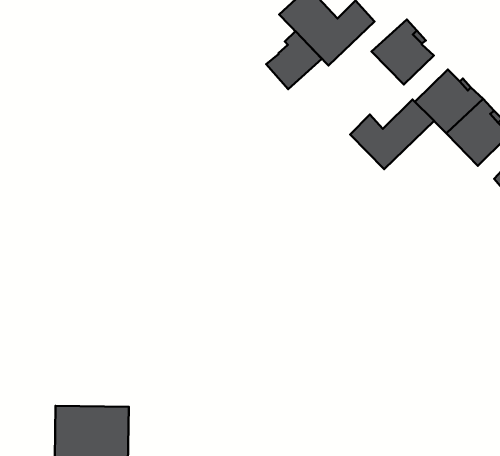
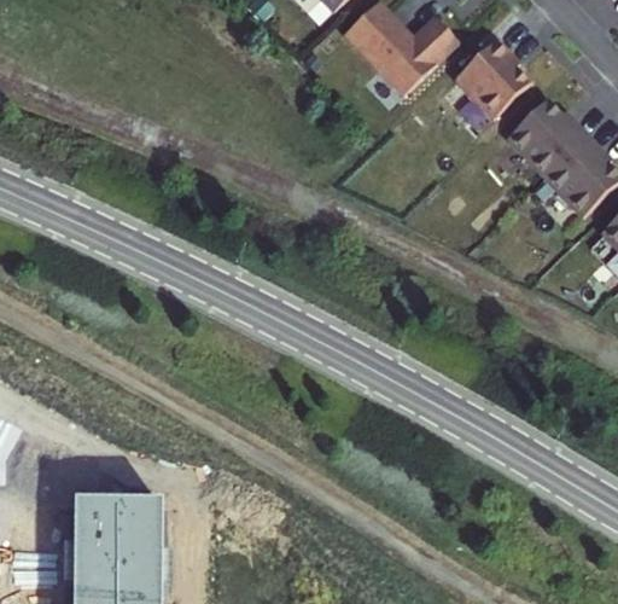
building: [266,31,322,89] -> none
building: [350,100,434,169] -> none

